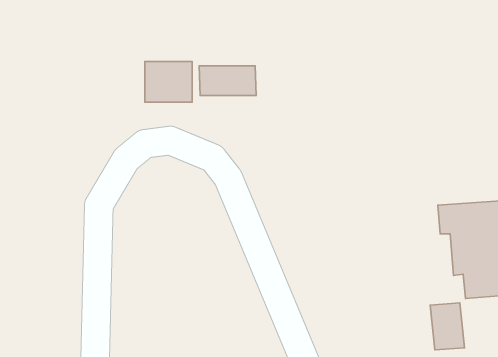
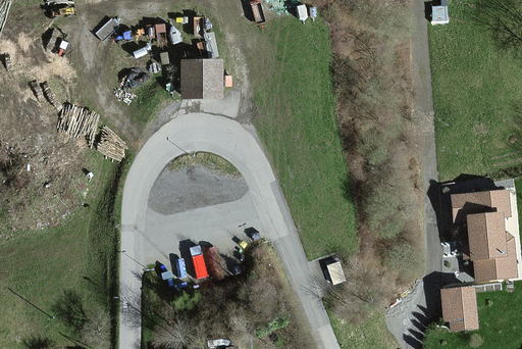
building: [199,66,256,96] -> none

